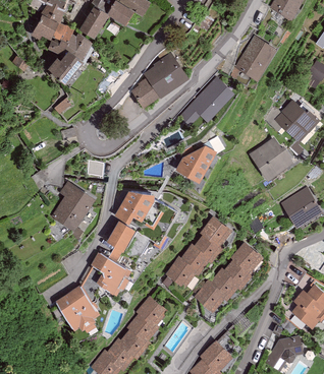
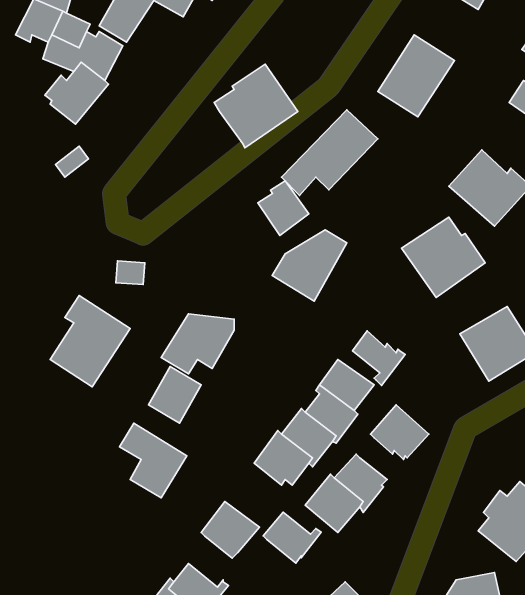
building: [130,78,159,109] -> [258,181,309,236]
building: [224,260,254,291] -> [352,331,405,386]
building: [55,286,99,332] -> none
building: [126,315,159,344] -> [263,512,321,563]

